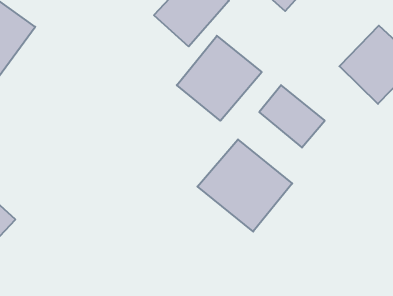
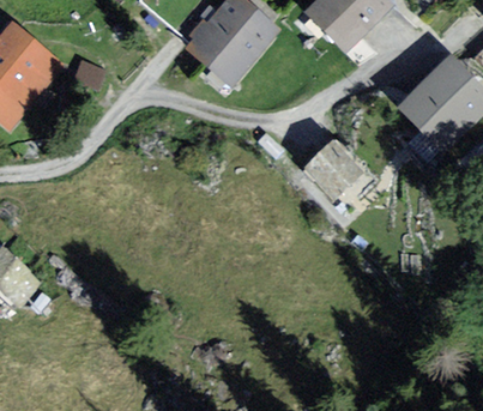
building: [177,36,262,121] -> none
building: [197,139,292,232] -> none

